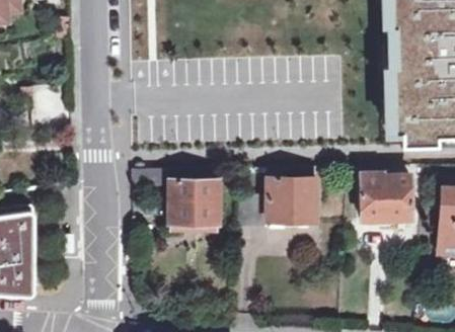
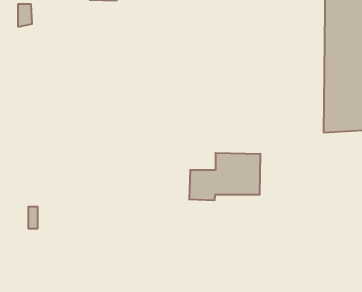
building: [134,168,219,223] -> none
building: [362,169,414,218] -> none

